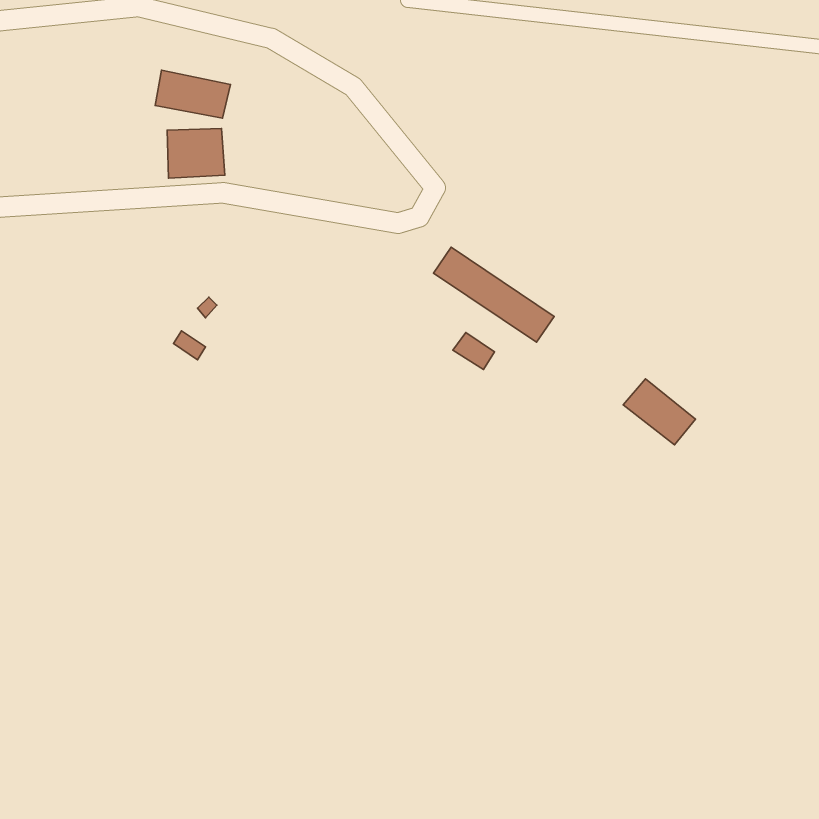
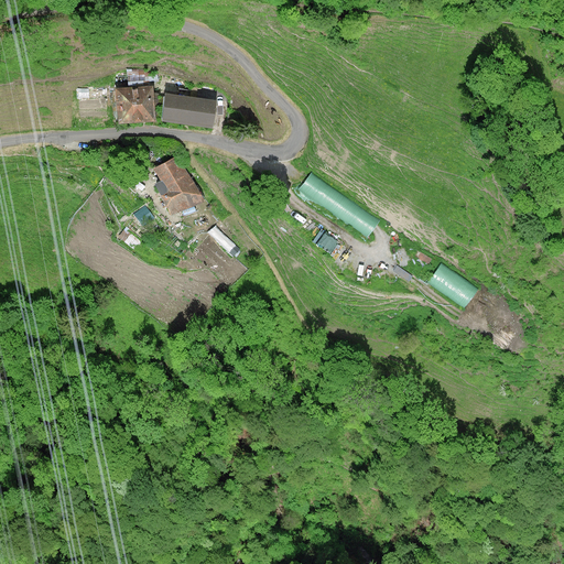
building: [155,70,231,118] -> [162,95,214,128]
building: none -> [154,161,200,219]

